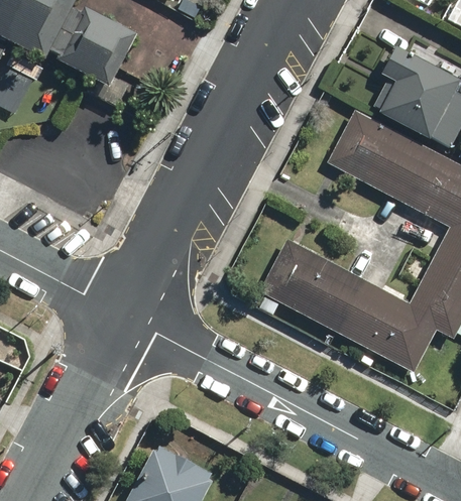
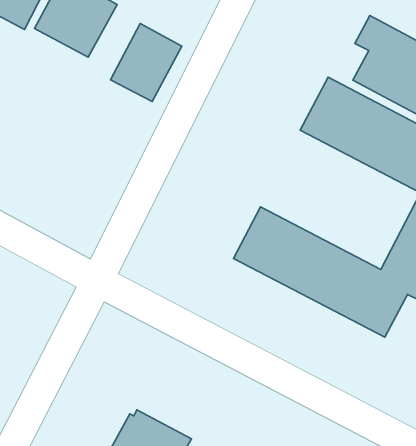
building: none -> [111,24,182,101]

